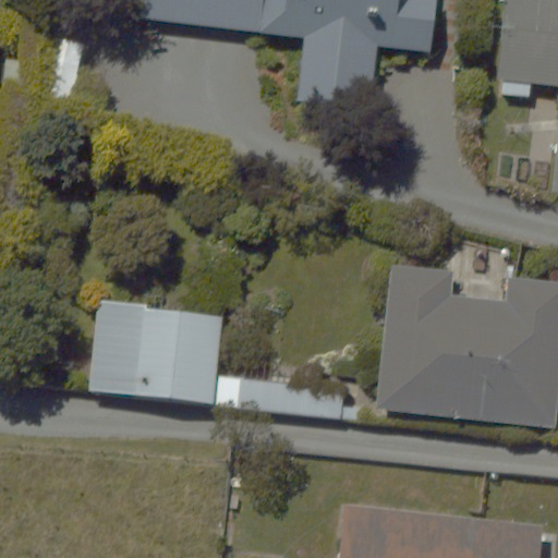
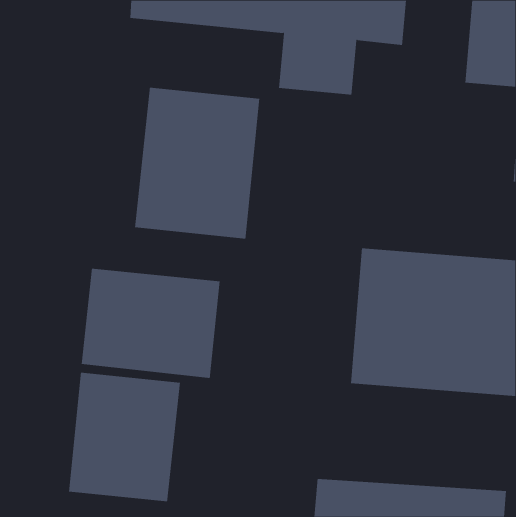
building: none -> [135,87,260,239]
building: none -> [69,372,180,502]

